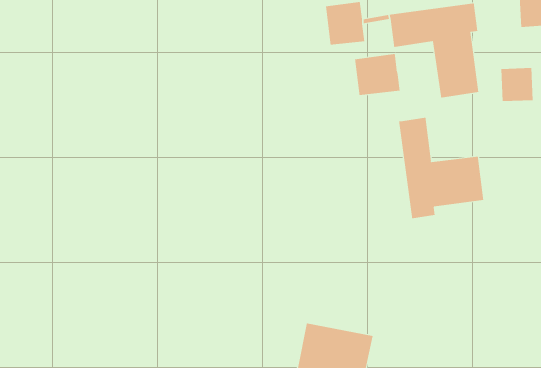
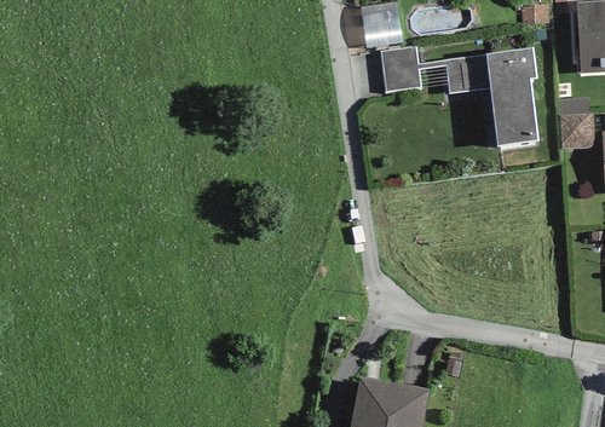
building: [355,53,400,96] -> none
building: [398,117,484,219] -> none

